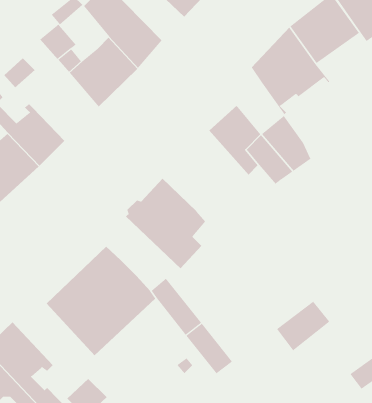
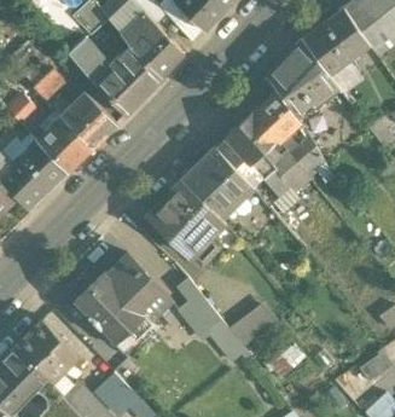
building: none -> [62,93,117,147]
building: none -> [254,93,298,141]
building: none -> [184,149,248,214]
building: [276,301,330,351] -> [227,300,278,347]

